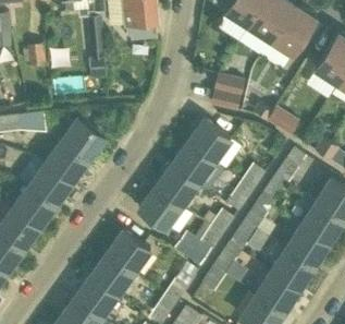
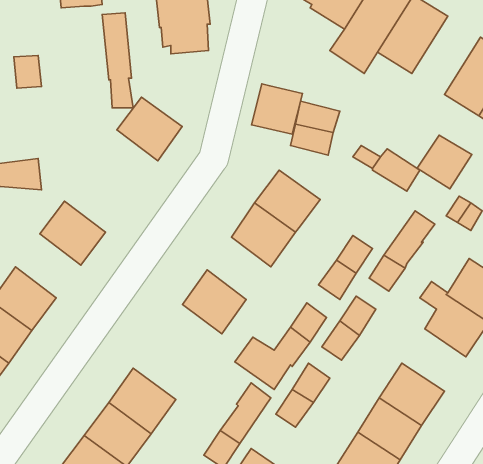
building: none -> [252,84,302,134]
building: none -> [417,135,472,189]
building: [61,119,104,161] -> [117,97,182,161]
building: [28,163,72,205] -> none
building: [156,165,198,206] -> none
building: [285,226,328,267] -> none
building: [107,230,151,273] -> none

